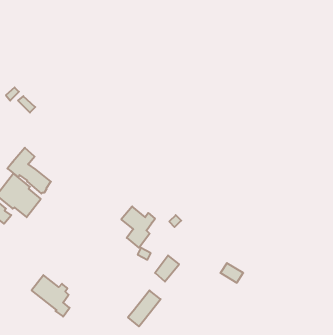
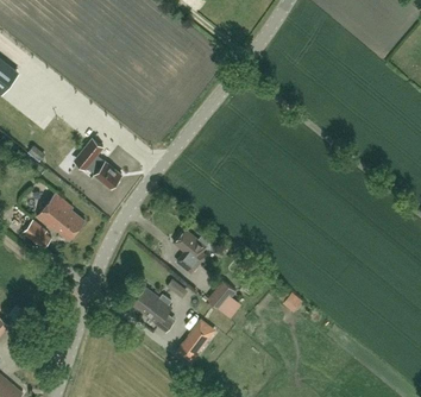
building: [7,148,51,194] -> [74,138,121,188]
building: [32,275,70,317] -> [131,286,172,332]

